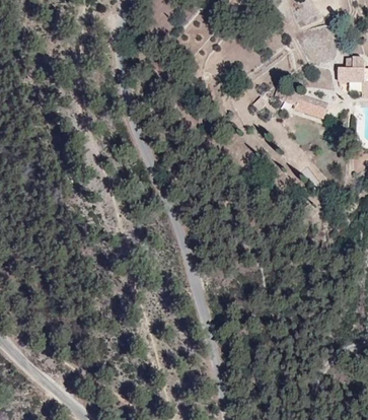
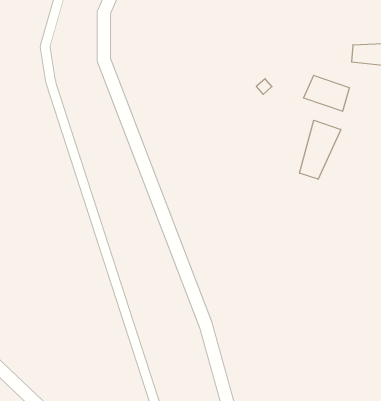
building: none -> [300,120,341,179]

